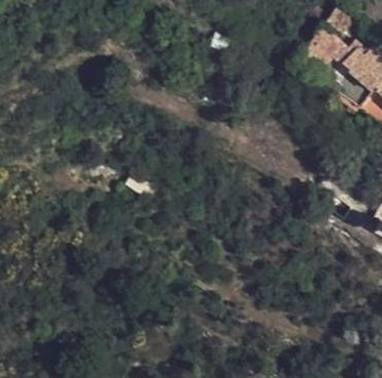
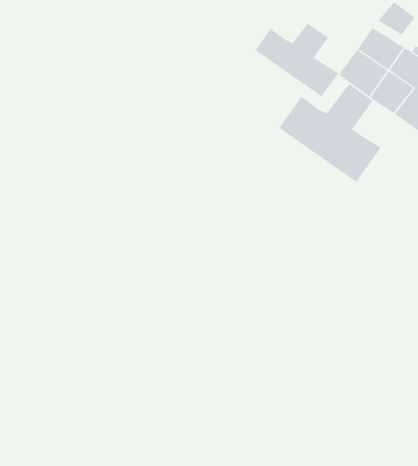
building: none -> [255,23,339,97]
building: none -> [278,83,381,183]

